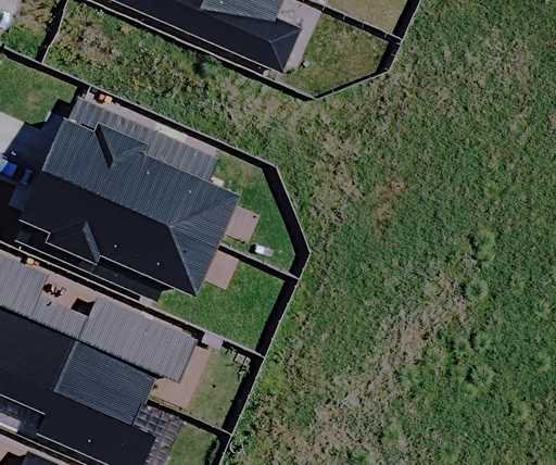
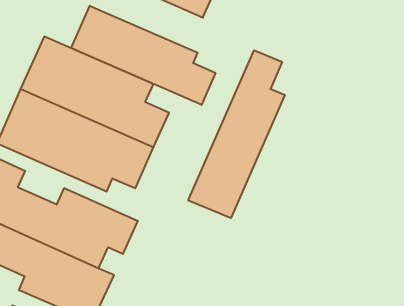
building: none -> [71,6,215,105]
building: none -> [188,50,285,218]

